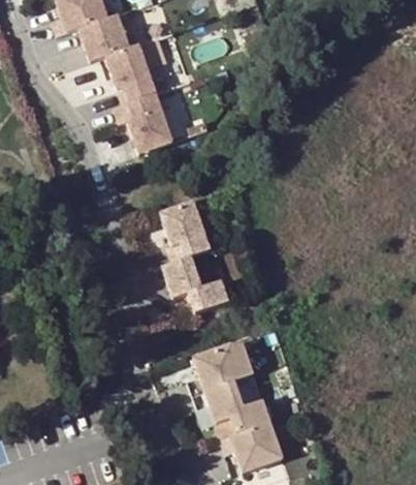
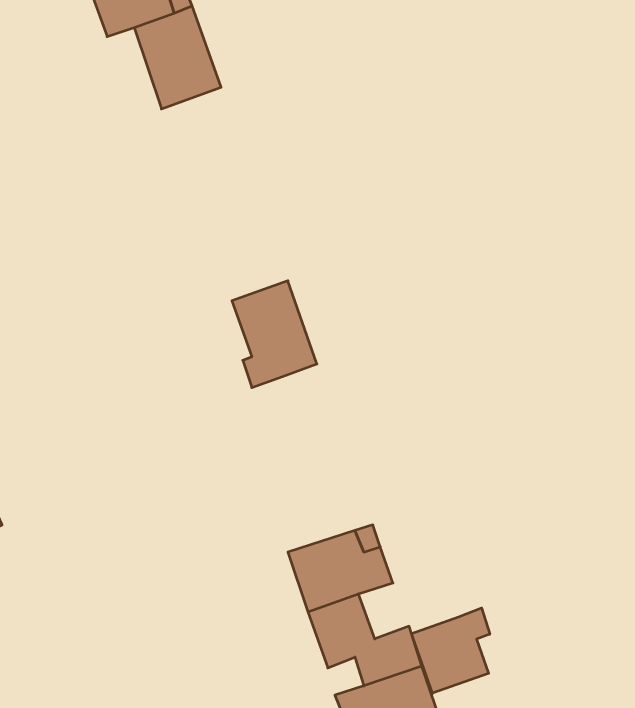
building: [114,90,172,151] -> none
building: [163,255,228,311] -> none
building: none -> [411,608,490,693]

